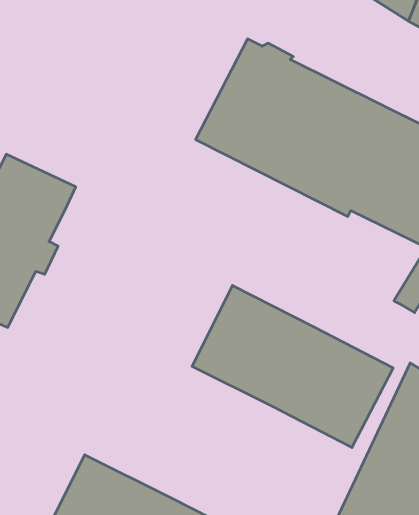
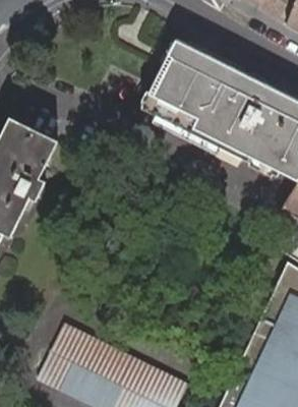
building: [192,285,393,448] -> none

